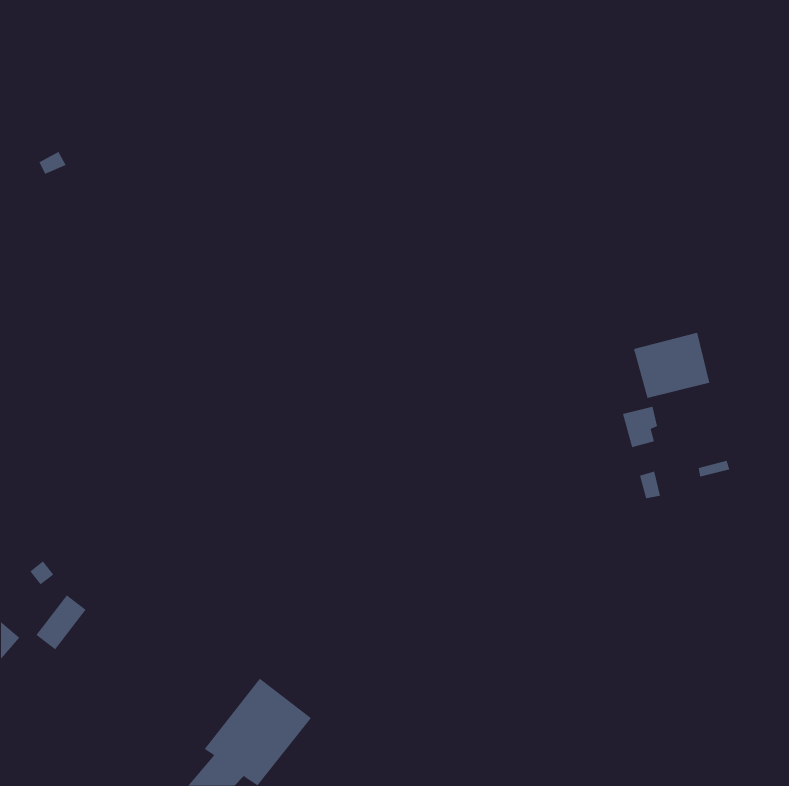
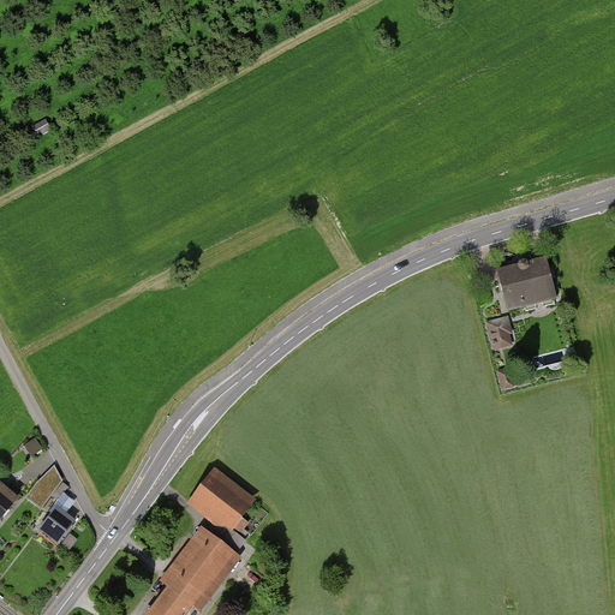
building: none -> [187,468,251,538]
building: none -> [36,494,76,544]

